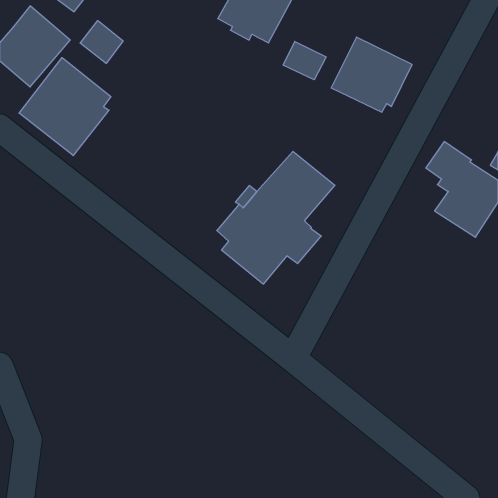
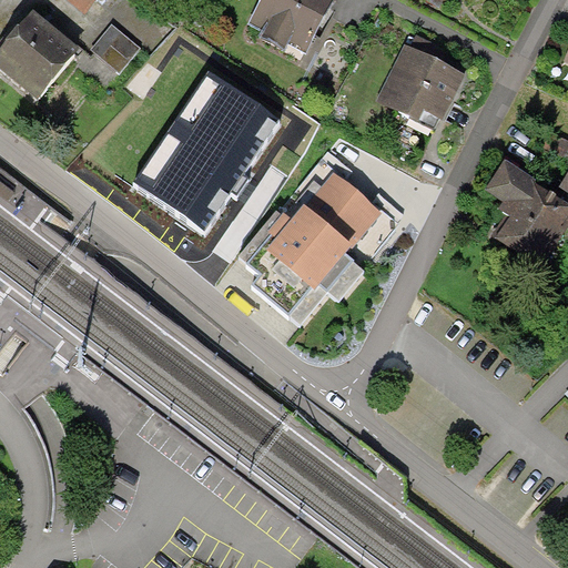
building: [283,41,326,80] -> none
building: [19,58,111,156] -> none
building: none -> [133,70,281,229]

